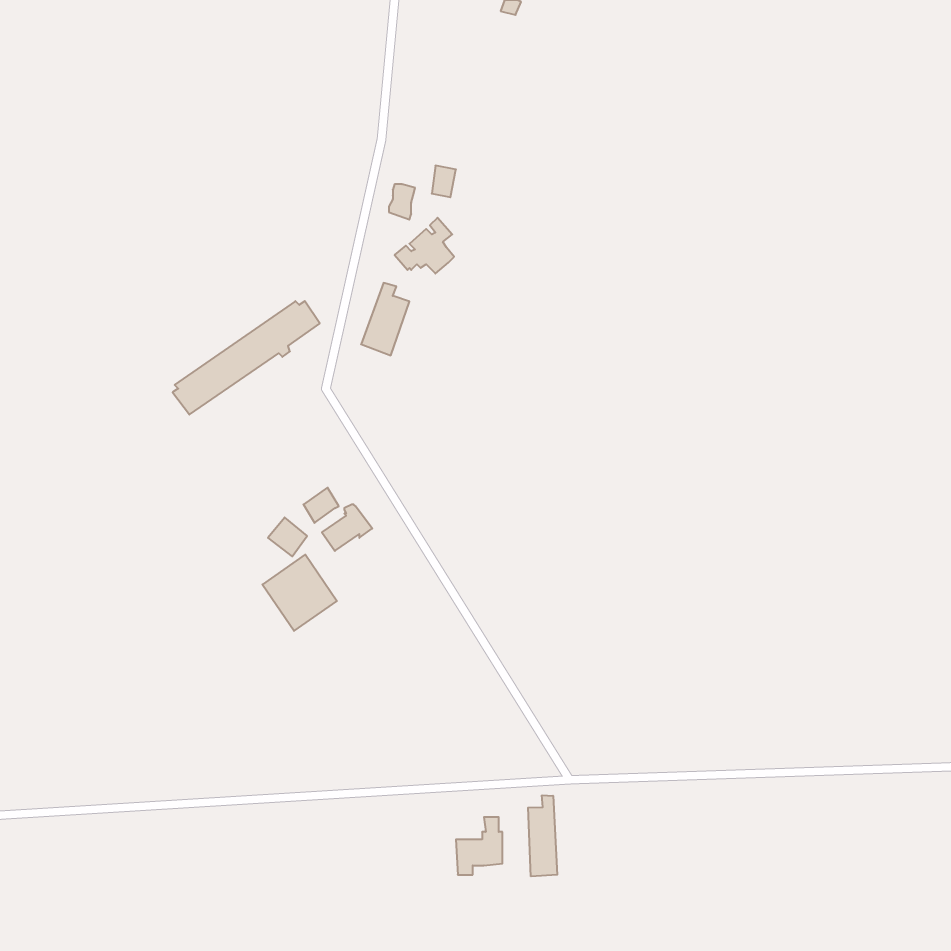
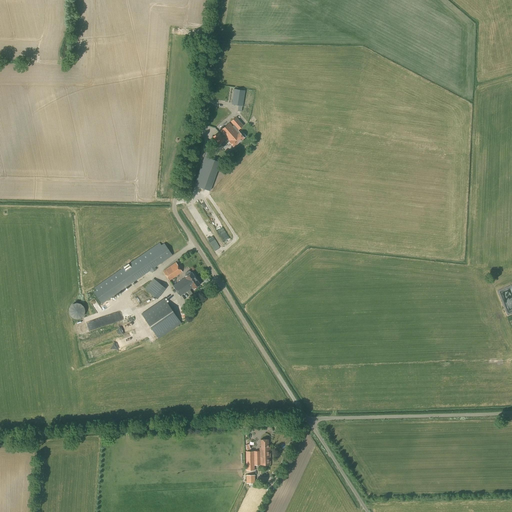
building: [173,301,320,415] -> [93,243,172,304]
building: [528,795,557,876] -> none

